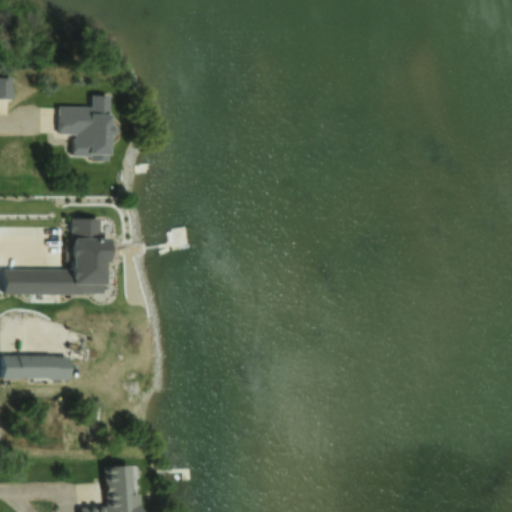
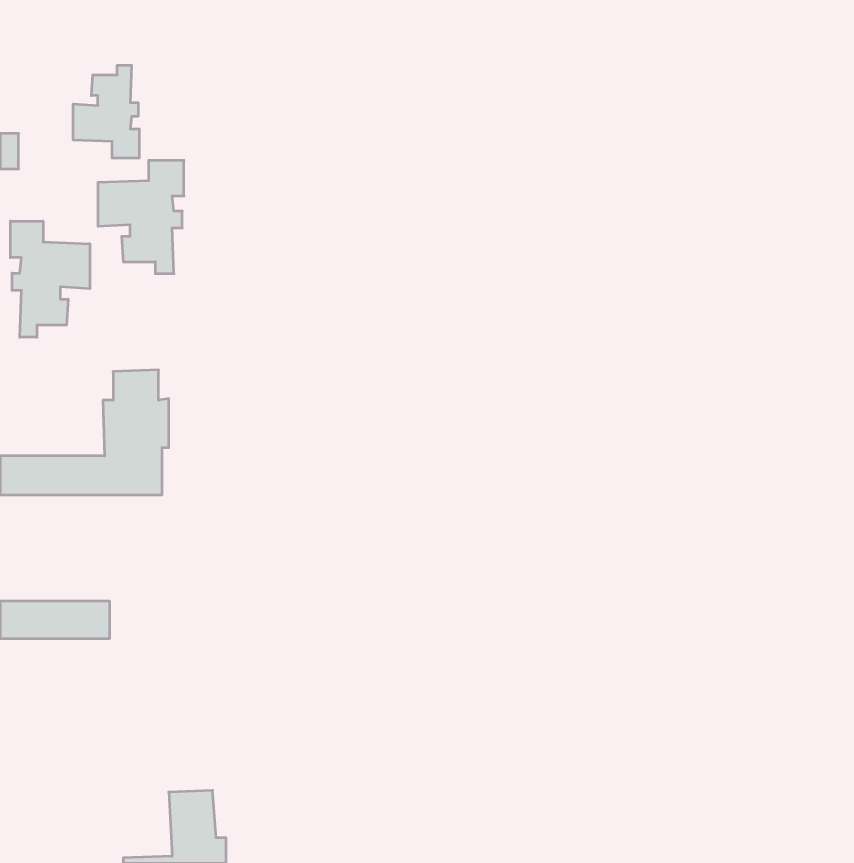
building: none -> [73,65,139,158]
building: none -> [10,221,90,337]

